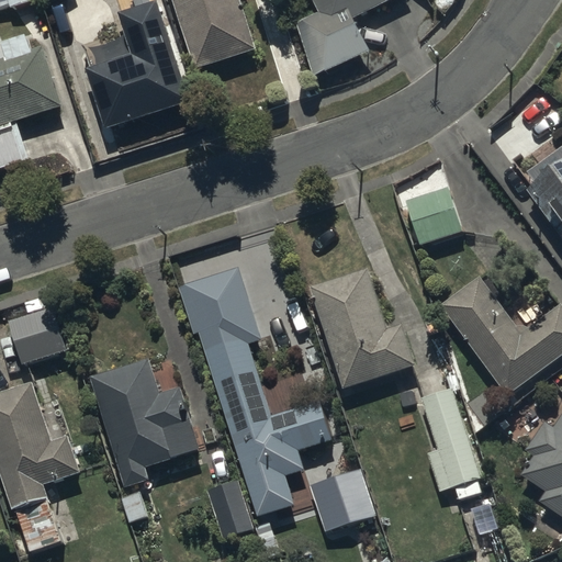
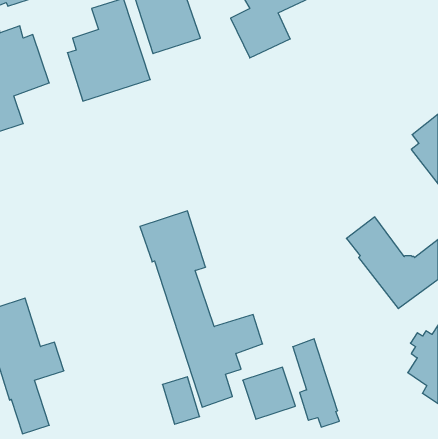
building: [403,186,461,245] -> none
building: [311,267,417,389] -> none
building: [10,294,66,363] -> none
building: [90,356,200,486] -> none
building: [420,386,480,498] -> [293,339,339,427]

